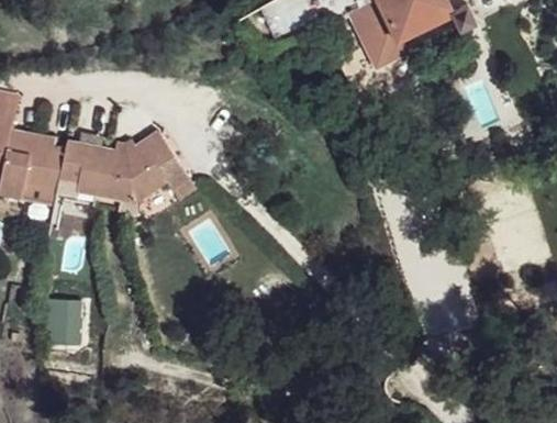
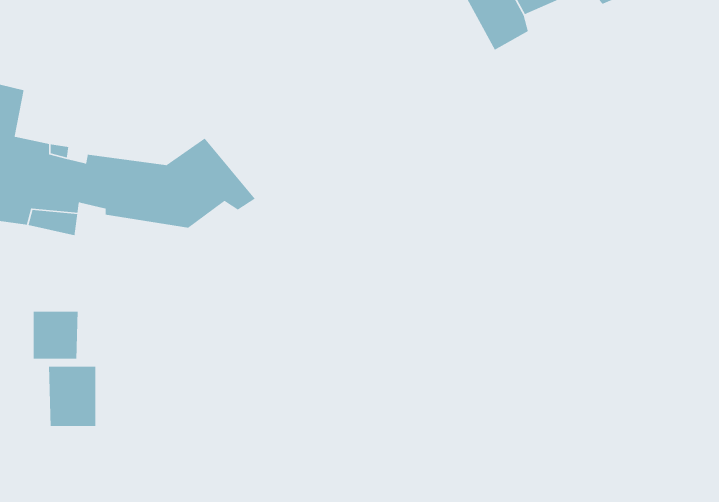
building: none -> [33,311,79,360]

